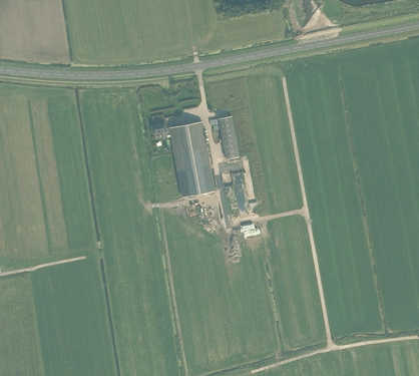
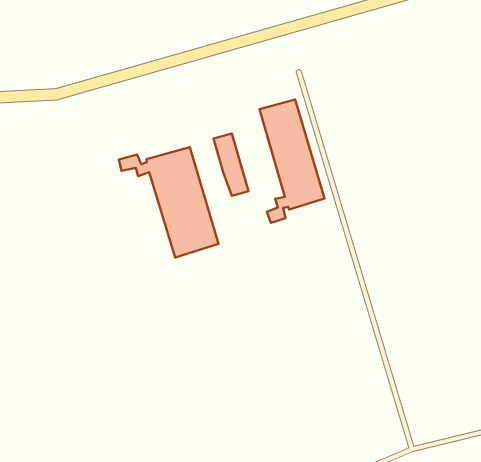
building: none -> [259,100,324,223]

